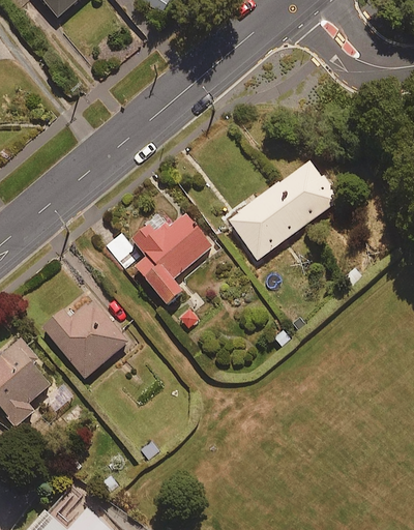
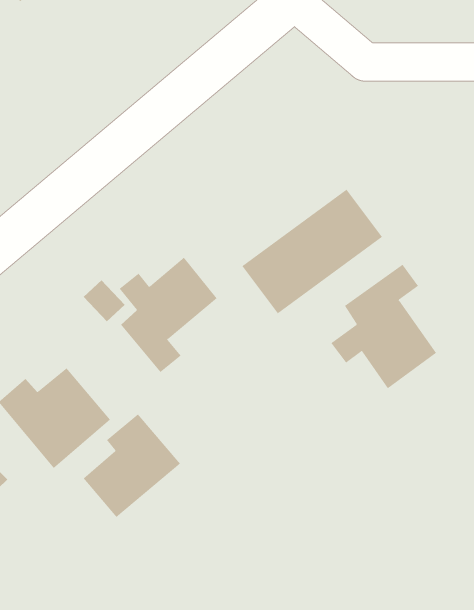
building: none -> [331,264,437,389]
building: none -> [83,413,181,518]

